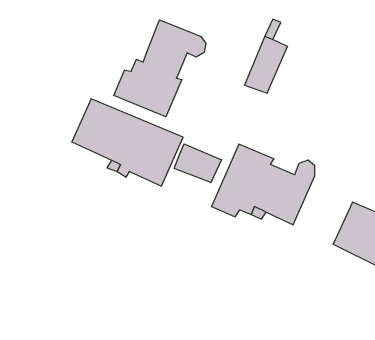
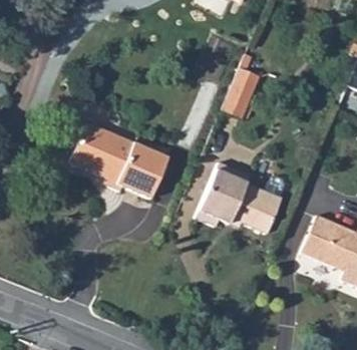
building: [114,20,206,117] -> none
building: [174,144,222,183] -> none

